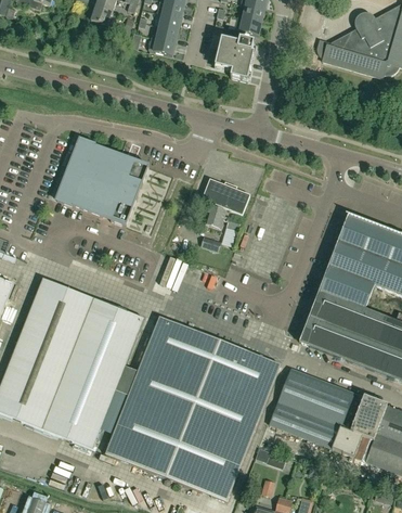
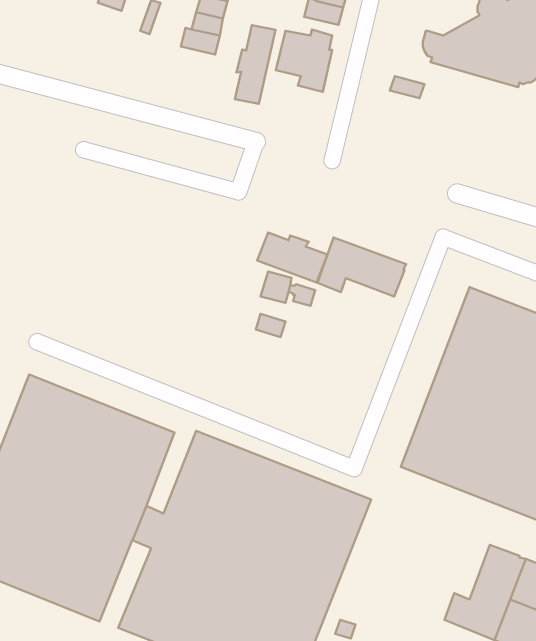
building: none -> [235,25,276,104]
building: [57,138,150,226] -> none
building: none -> [318,237,406,297]
building: [269,367,363,447] -> none

